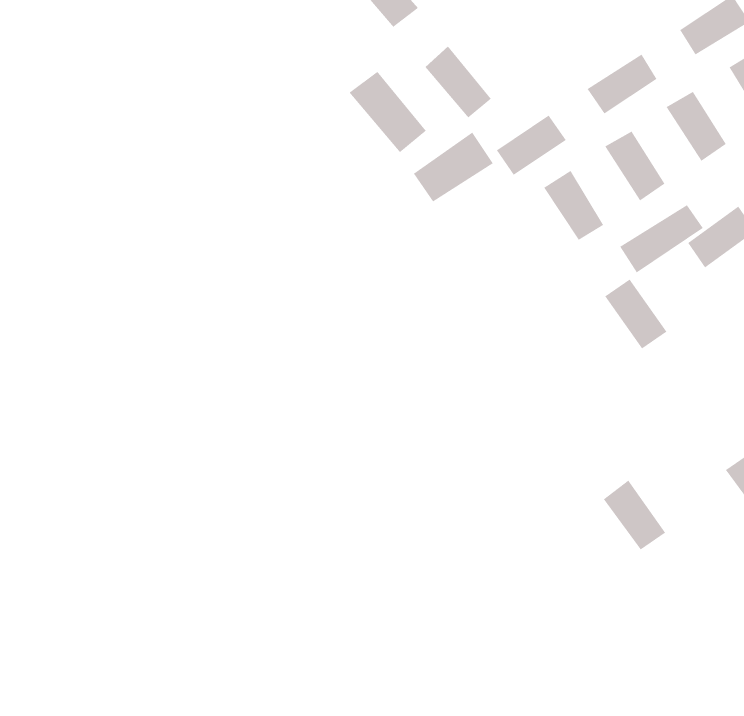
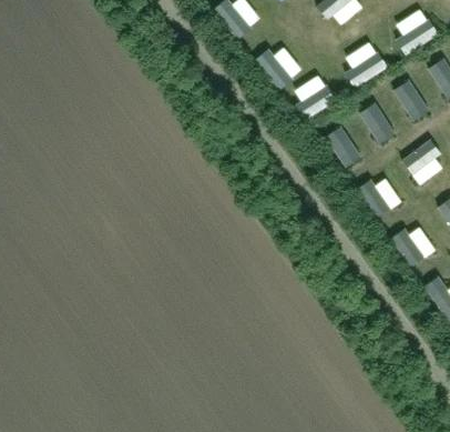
building: [348,71,427,153] -> none
building: [413,131,494,203] -> none
building: [619,204,704,273] -> none
building: [603,480,666,551] -> [390,230,426,270]

